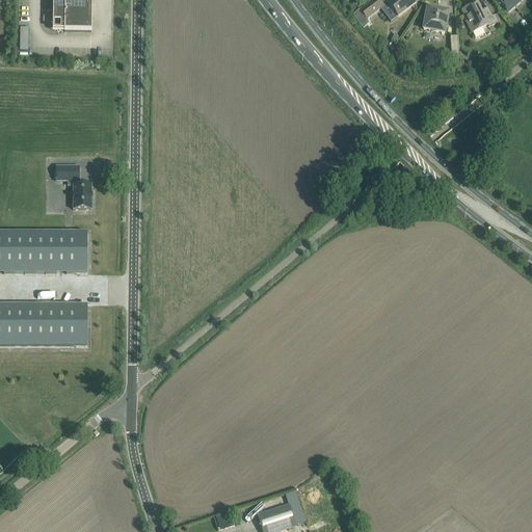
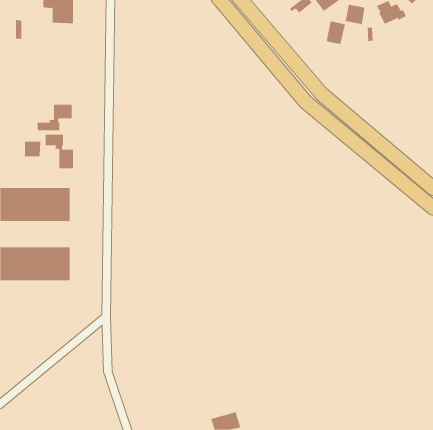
building: none -> [326,20,345,45]
building: none -> [37,104,72,131]
building: none -> [24,141,41,157]

